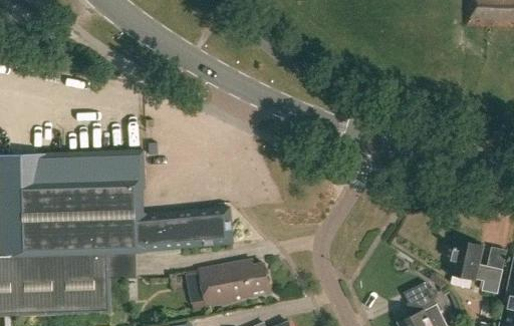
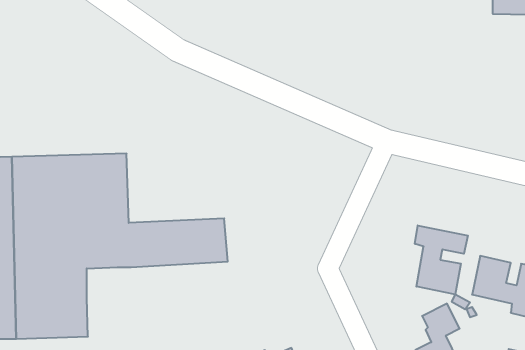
building: none -> [415,225,468,295]
building: [107,250,135,277] -> none
building: [186,261,267,309] -> none

